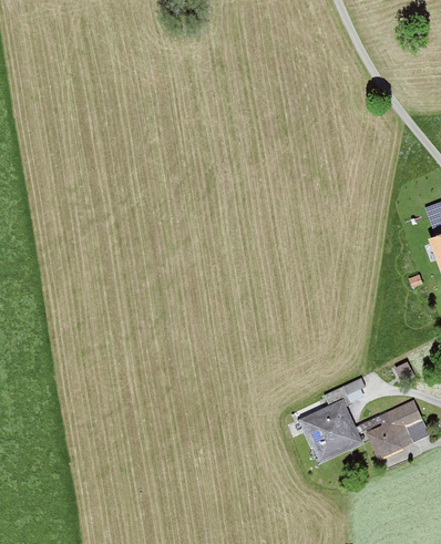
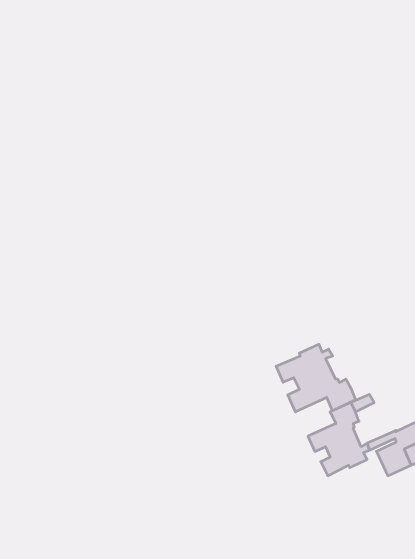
building: none -> [276,344,356,412]

